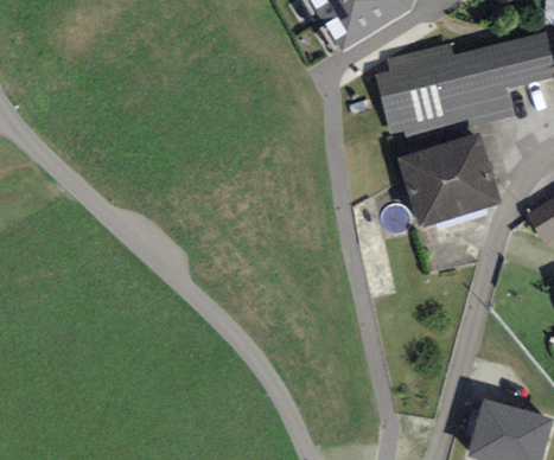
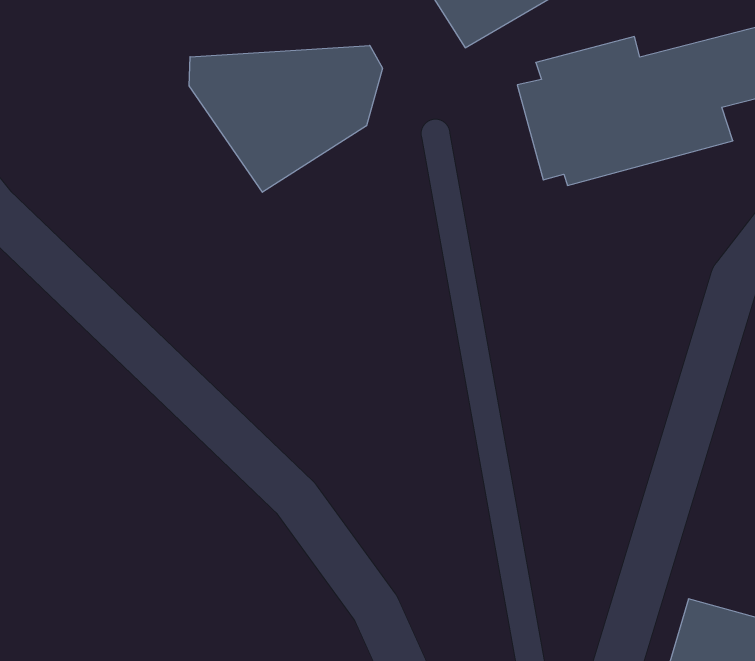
building: none -> [189,45,382,192]
building: [395,129,504,228] -> none

